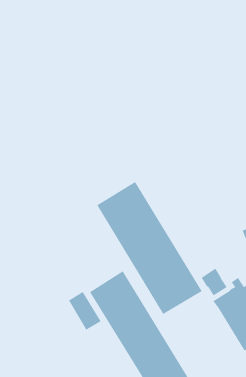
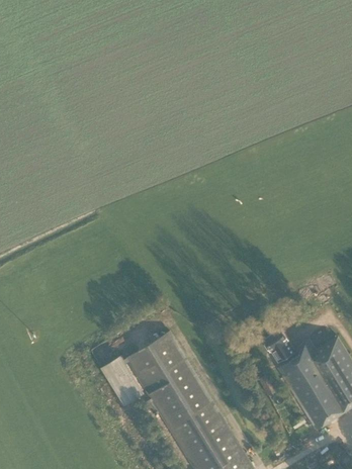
building: [97,181,202,315] -> none

